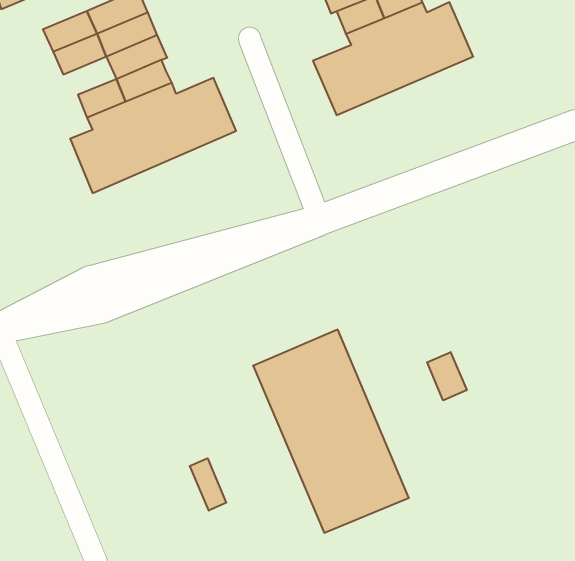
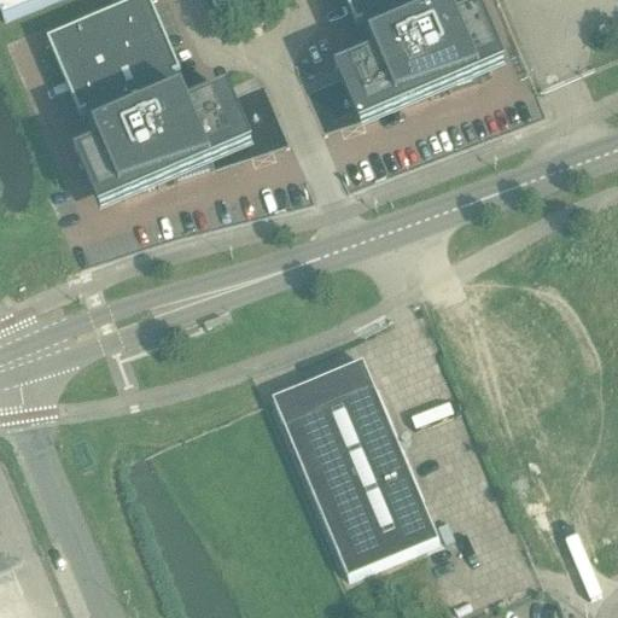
building: none -> [68,60,124,104]
building: [427,352,467,400] -> none
building: [190,458,226,511] -> none

